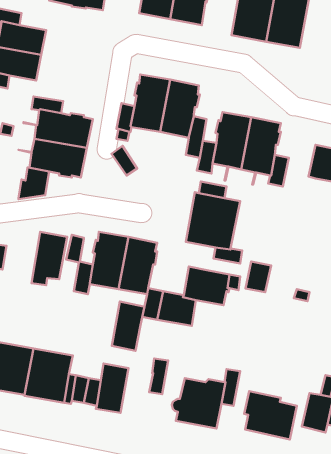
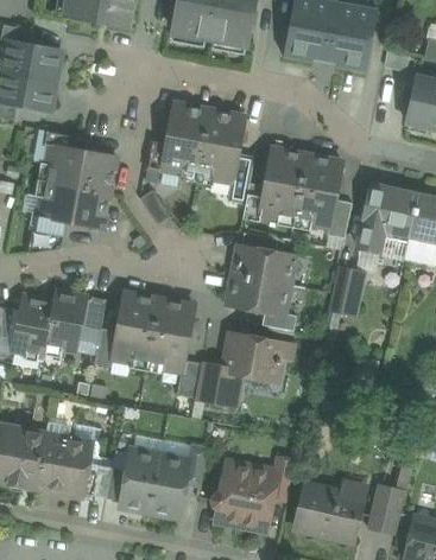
building: none -> [358,185,384,250]
building: none -> [12,295,52,370]
building: [245,262,271,292] -> [330,267,361,304]
building: [112,301,144,351] -> [150,456,189,515]

